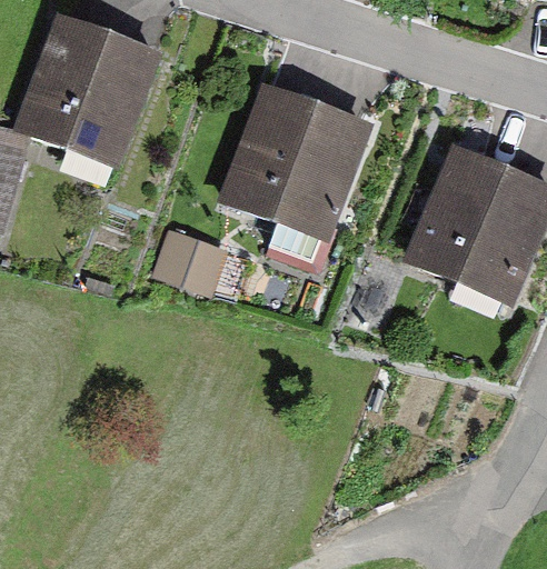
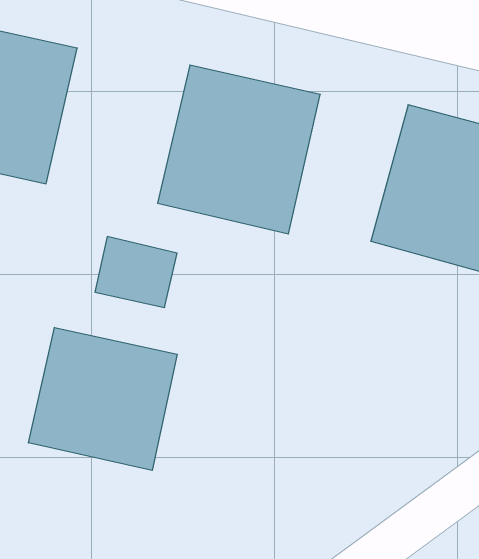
building: none -> [28,327,177,470]

